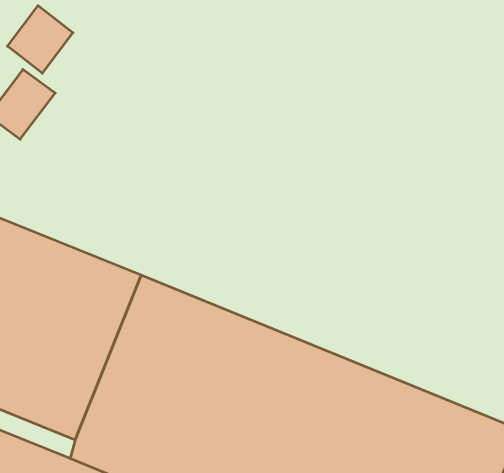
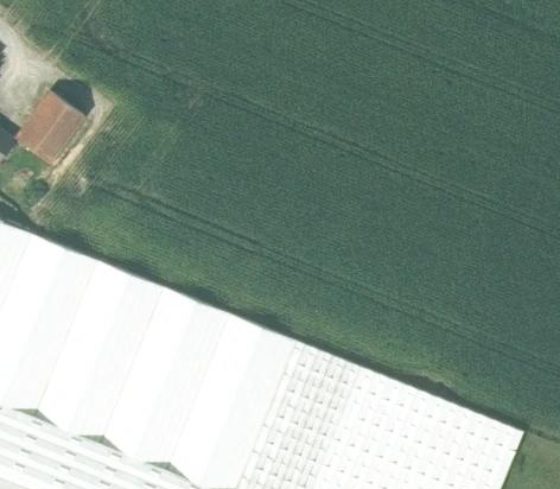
building: [7,6,73,73] -> none

